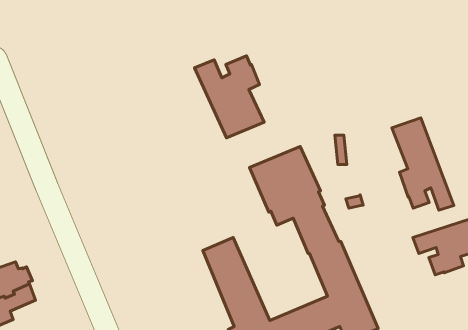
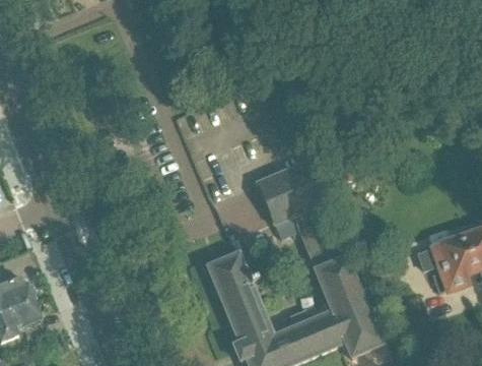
building: [194,56,264,138] -> none
building: [392,118,454,210] -> none

